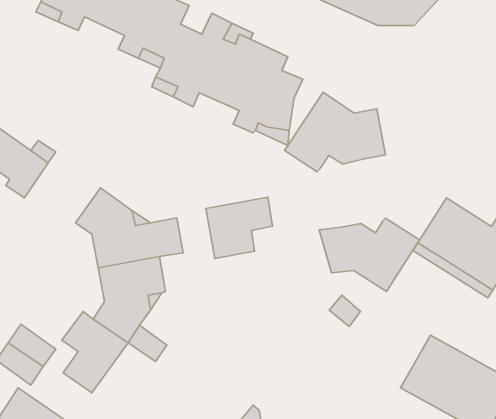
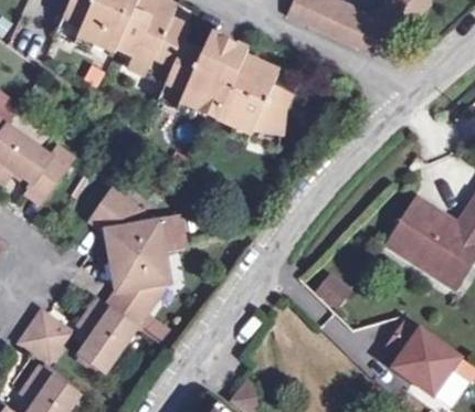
building: [285,92,385,172] -> none
building: [206,197,273,258] -> none
building: [319,218,420,292] -> none

